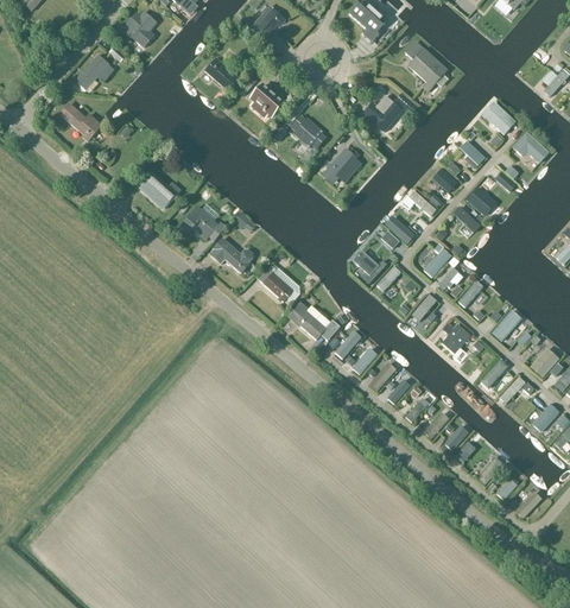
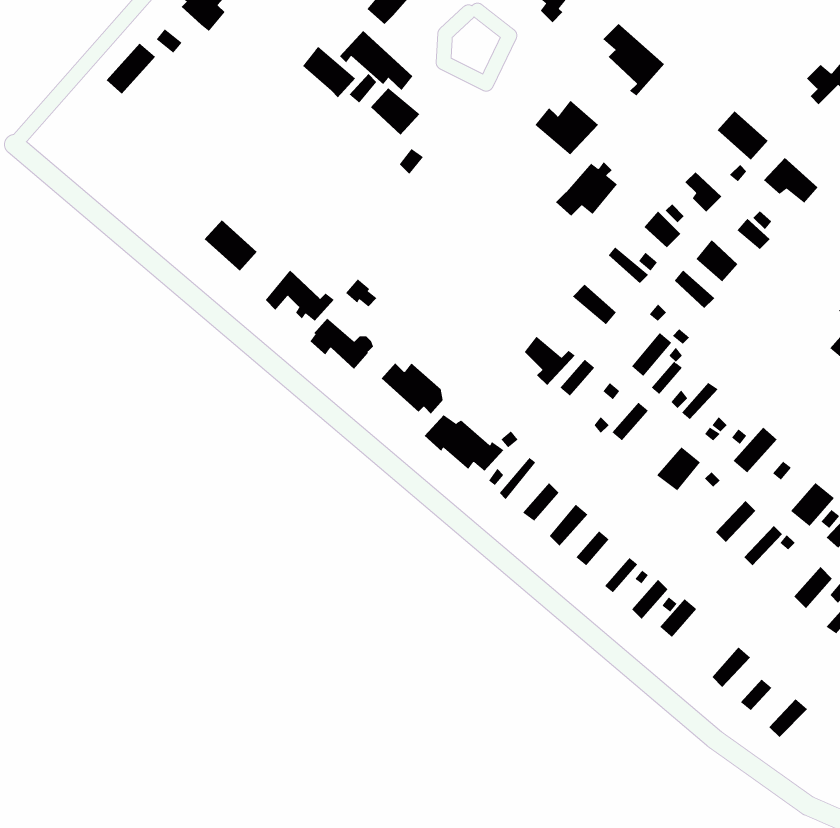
building: none -> [339,30,413,91]
building: [59,103,101,139] -> none
building: [291,115,325,147] -> none
building: [321,147,362,184] -> [555,161,618,217]

